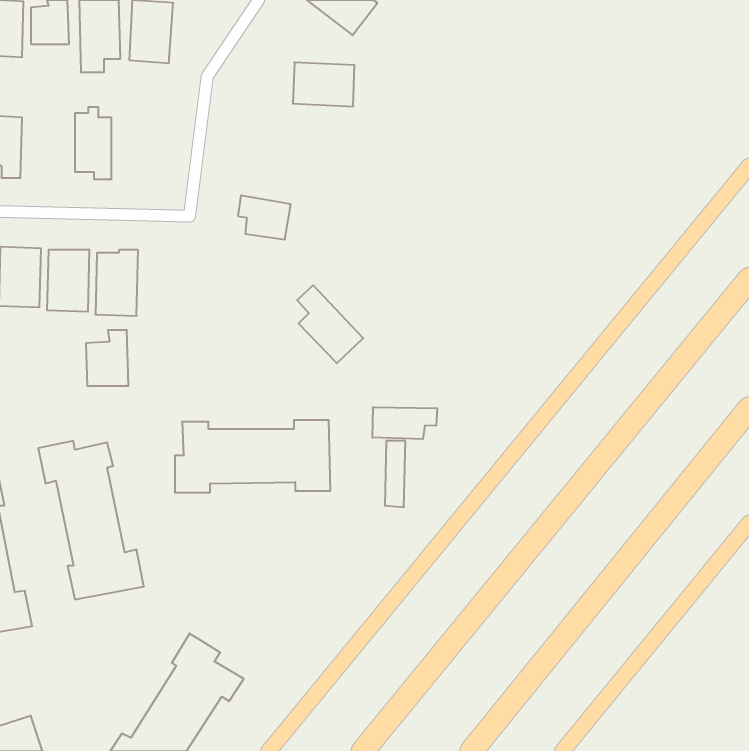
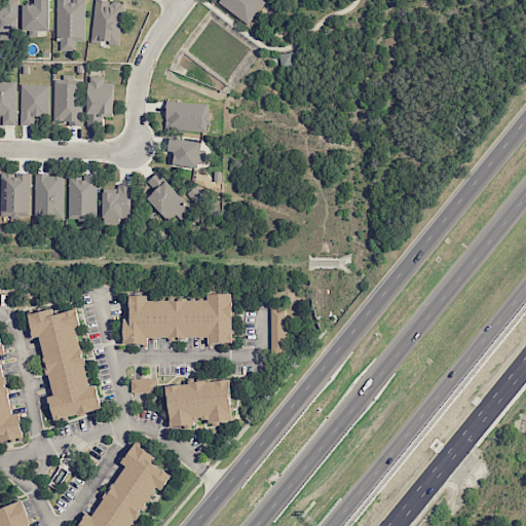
building: [293,62,355,106] -> [164,101,208,132]
building: none -> [86,76,112,124]
building: none -> [18,84,48,124]
building: [297,285,363,363] -> [145,172,191,226]
building: [86,330,128,386] -> [101,184,130,223]
building: [372,407,437,439] -> none
building: none -> [129,378,156,392]
building: none -> [165,379,231,426]

